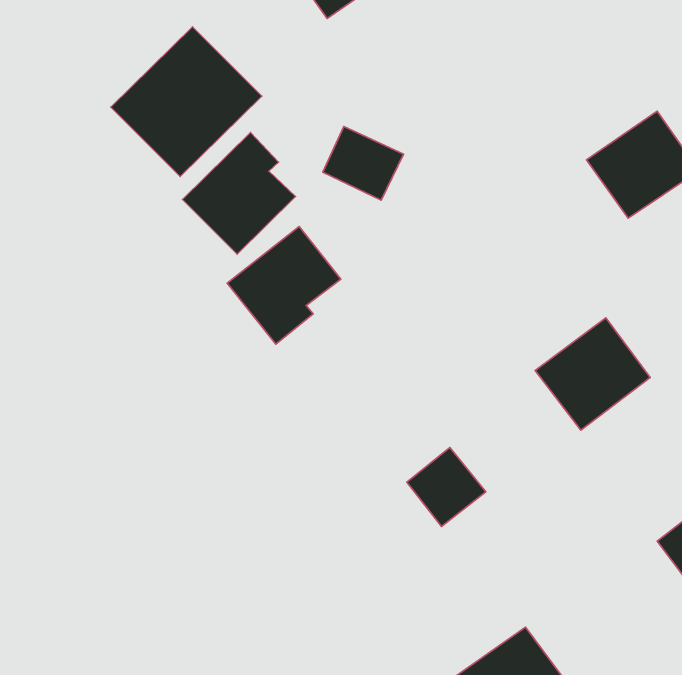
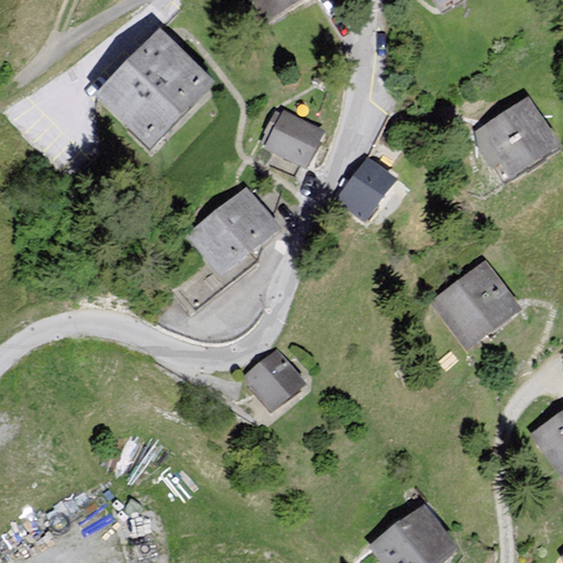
building: [182,133,295,254] -> none
building: none -> [339,157,397,220]
building: [407,448,486,527] -> [243,349,306,411]

